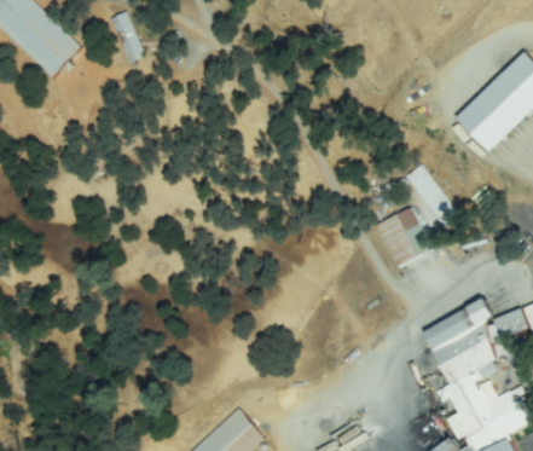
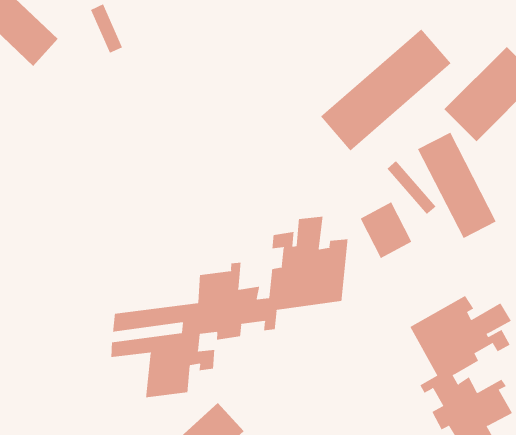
building: none -> [320,28,452,151]
building: none -> [417,132,497,239]
building: none -> [111,216,348,398]

